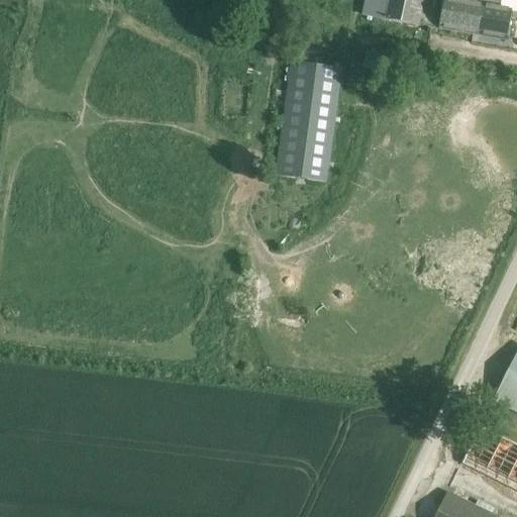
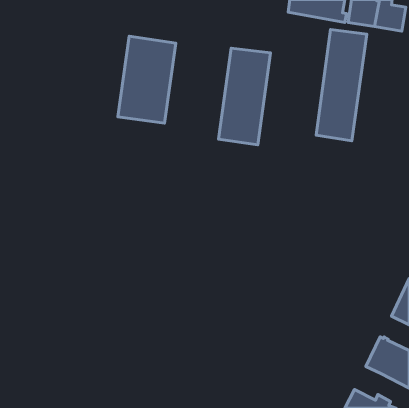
building: none -> [316,29,367,141]
building: none -> [118,36,176,123]

